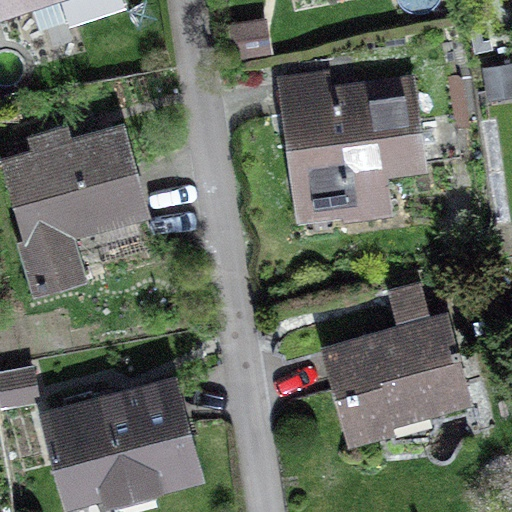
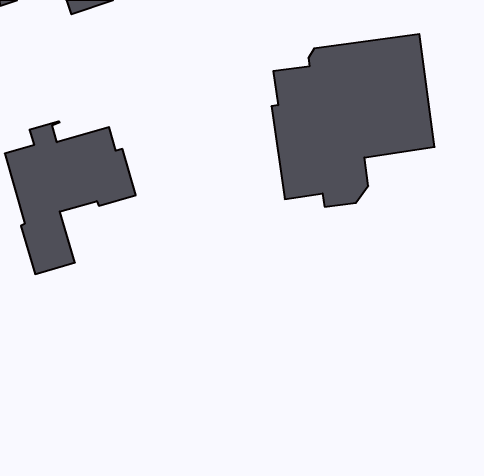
building: [323,319,467,446] -> none
building: [49,392,193,504] -> none

